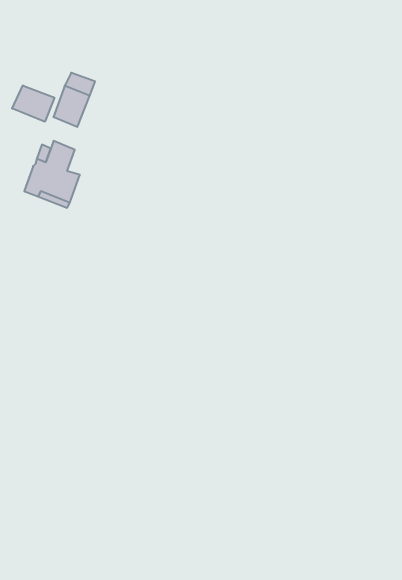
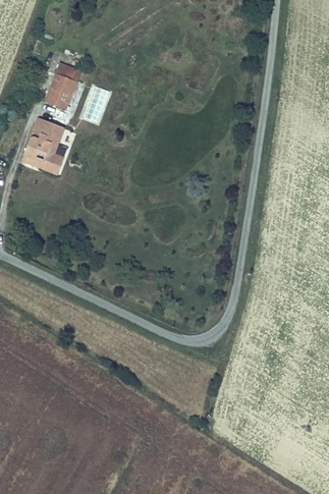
building: [12,85,54,122] -> none

